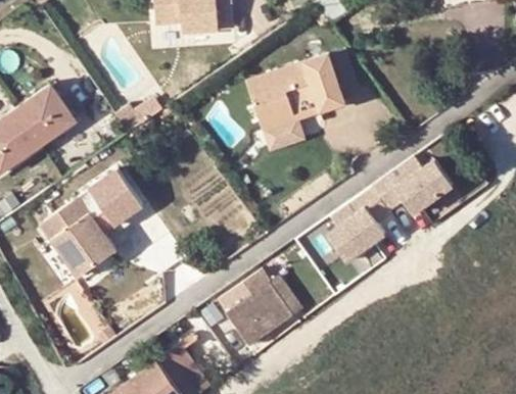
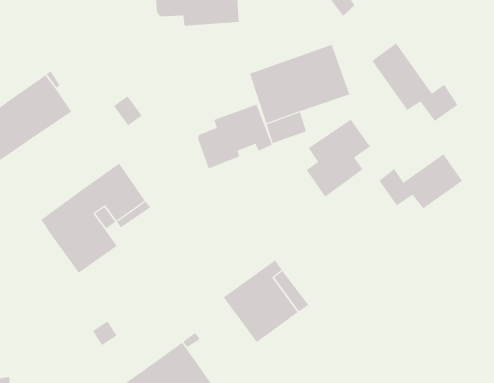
building: none -> [371,42,458,122]
building: none -> [197,104,273,169]
building: [327,186,390,262] -> [306,119,371,198]

